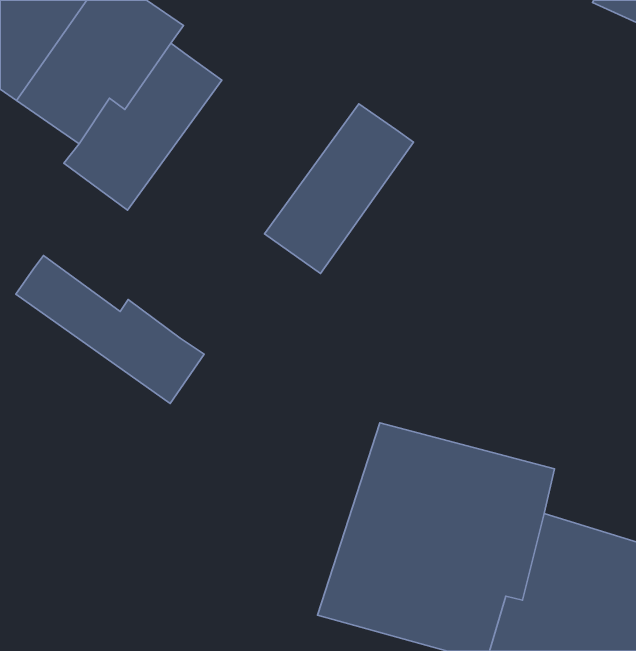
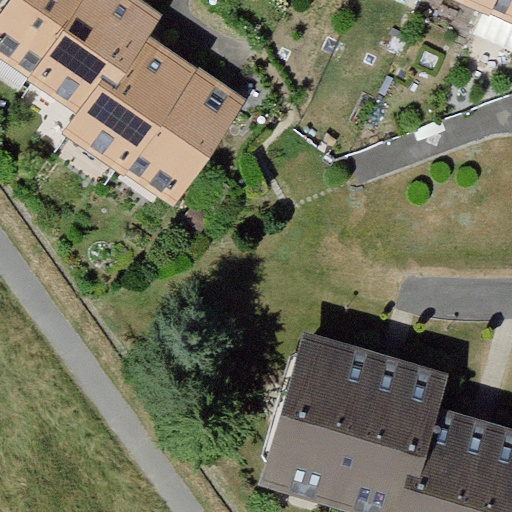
building: [265,104,414,273] -> [112,63,229,196]
building: [16,255,204,404] -> none

